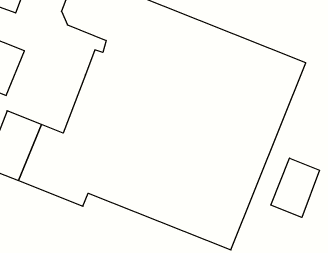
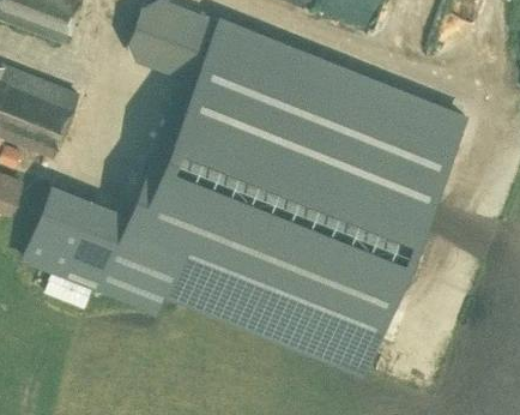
building: [271,158,320,217] -> none

